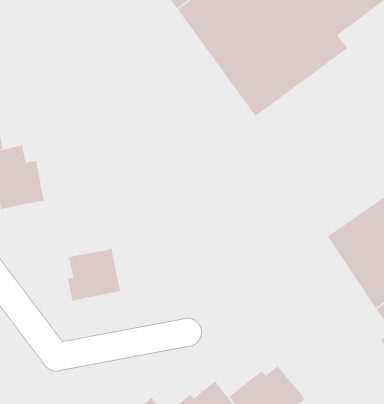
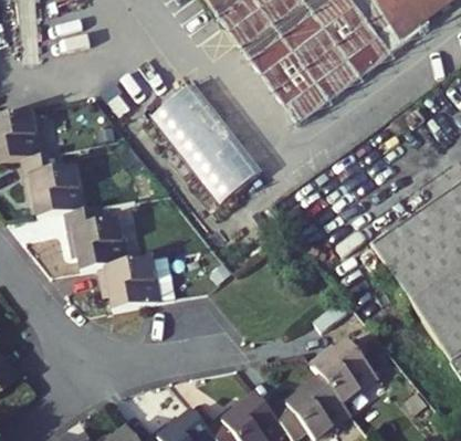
building: none -> [148,86,260,207]
building: none -> [63,199,143,270]
building: none -> [312,340,377,402]

